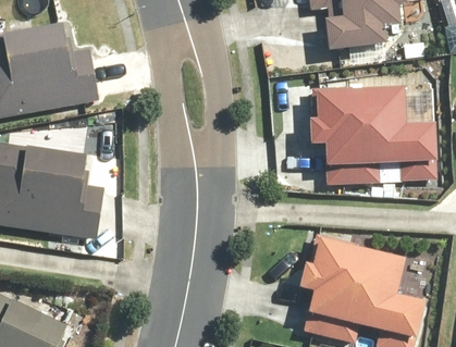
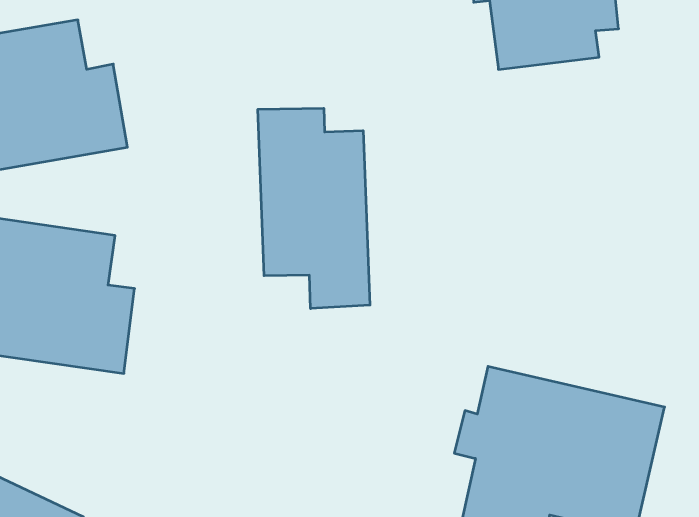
building: none -> [258,108,370,309]
building: [309,86,439,184] -> none

